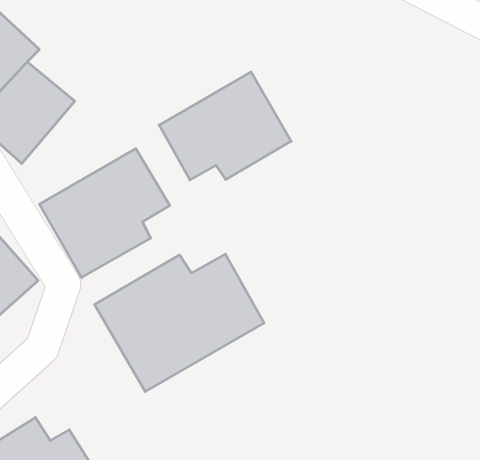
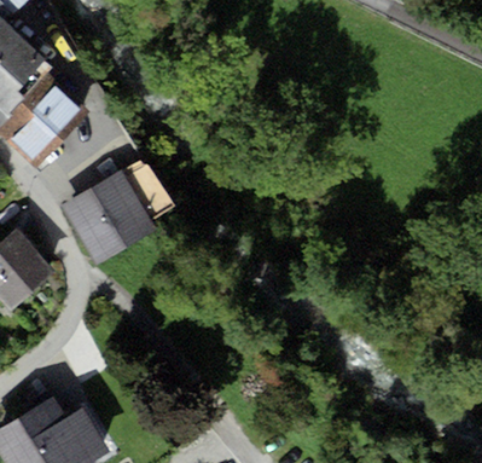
building: [159,72,291,180] -> none
building: [95,254,264,392] -> none

